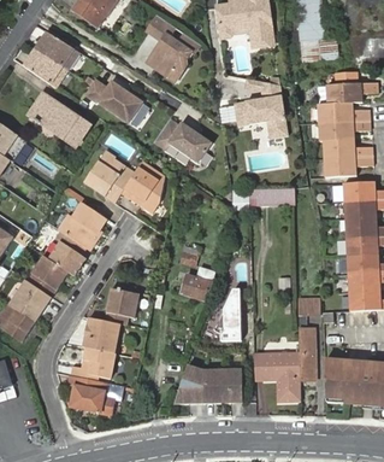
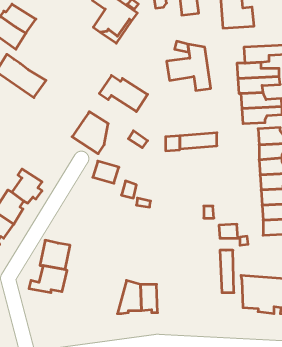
building: [85,80,143,123] -> none
building: [84,150,135,203] -> none
building: [59,203,106,248] -> none
building: [181,274,212,300] -> [93,161,119,183]
building: [105,287,138,323] -> none
building: [214,288,242,340] -> none
building: [261,352,301,402] -> none
building: [223,368,243,403] -> none
building: [69,374,113,413] -> none

